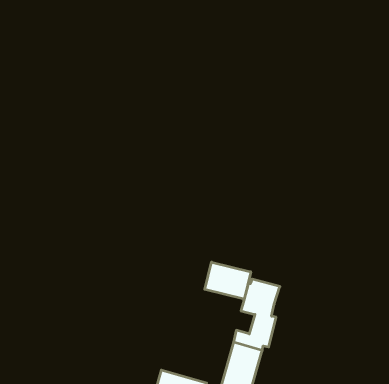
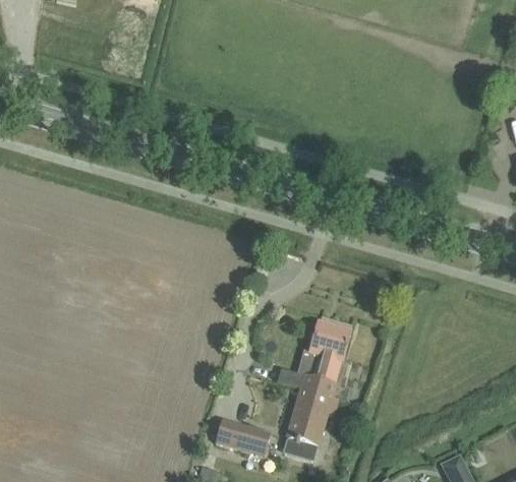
building: [205,262,251,299] -> none

